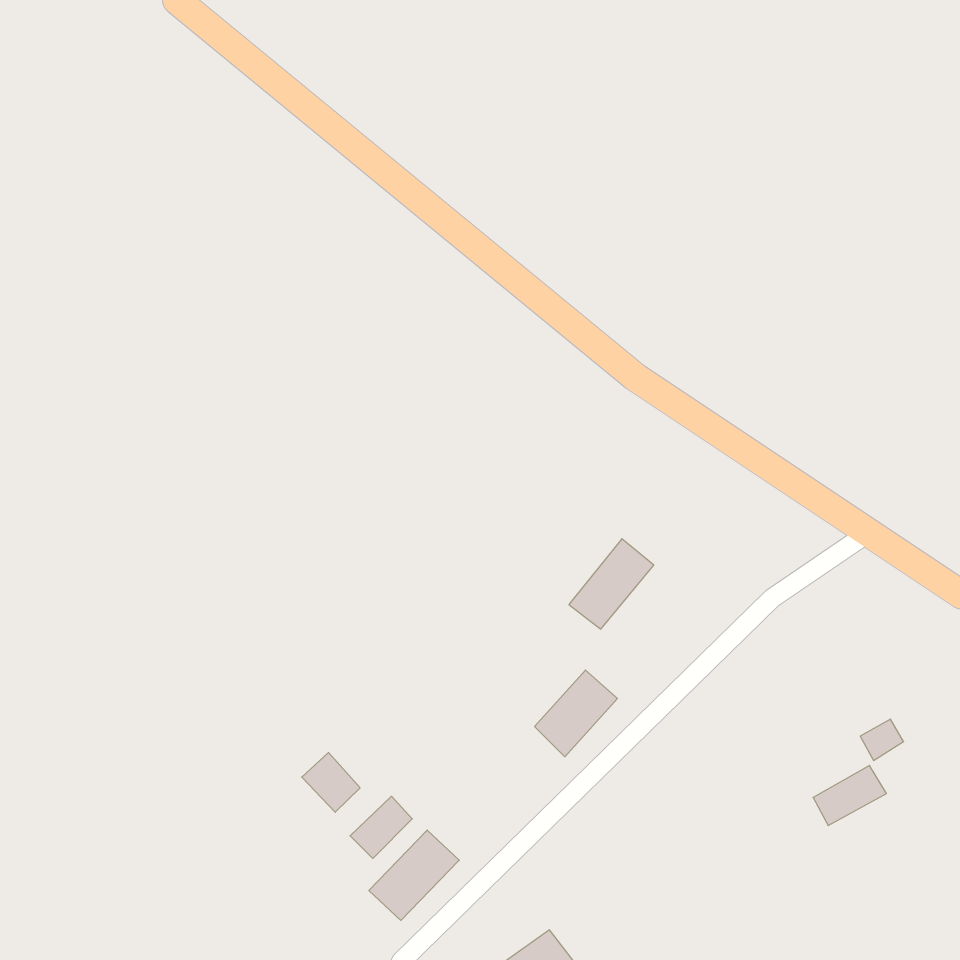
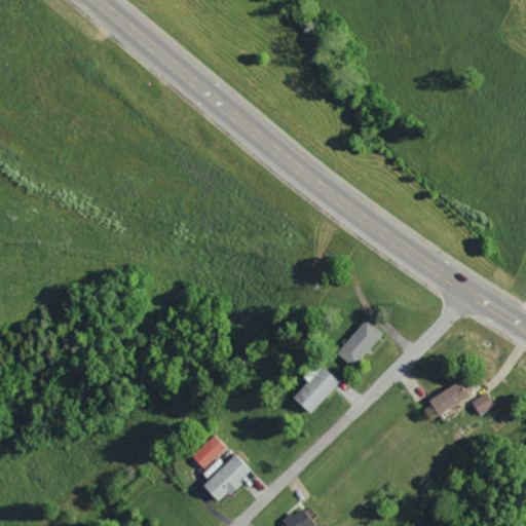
building: [569,539,654,629] -> [336,318,382,368]
building: [302,753,360,812] -> none
building: [813,765,886,826] -> [427,382,467,415]

